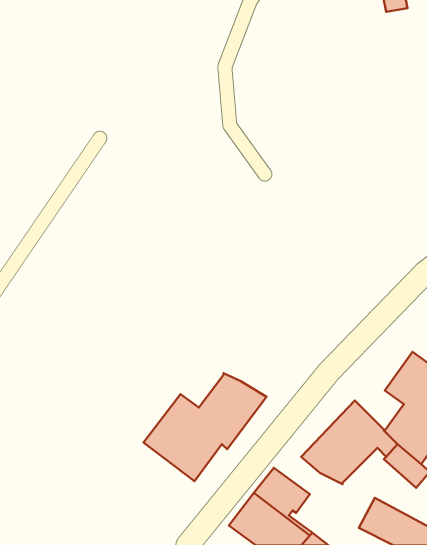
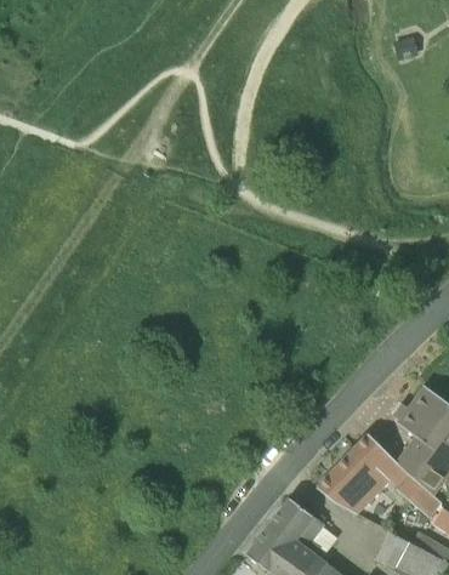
building: [144,373,266,481] -> none

